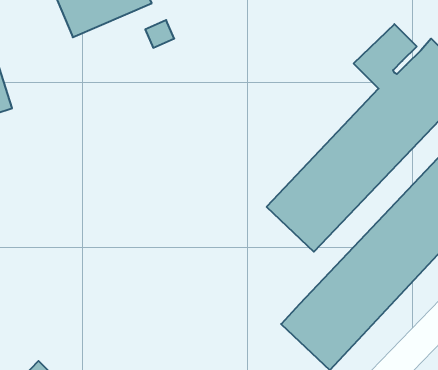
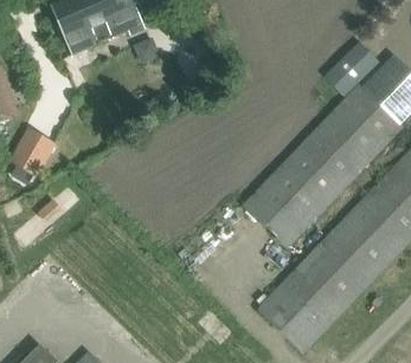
building: none -> [11,129,56,175]

